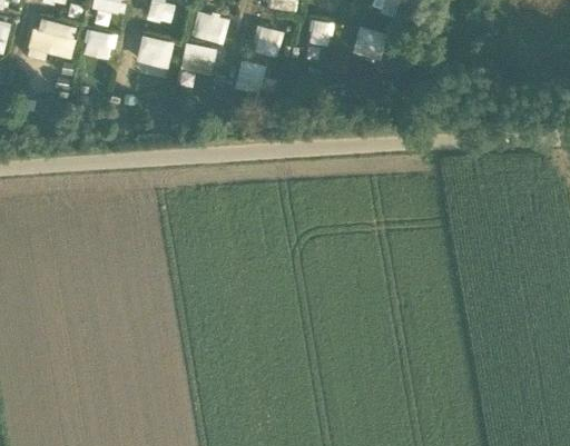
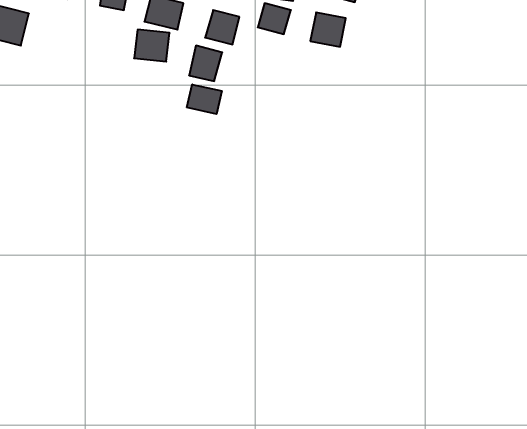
building: [83,31,112,59] -> none
building: [135,36,174,80] -> none
building: none -> [187,84,222,114]

